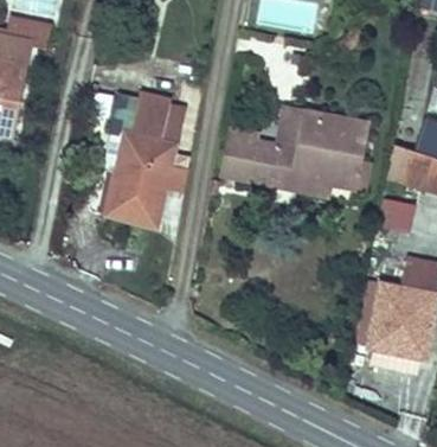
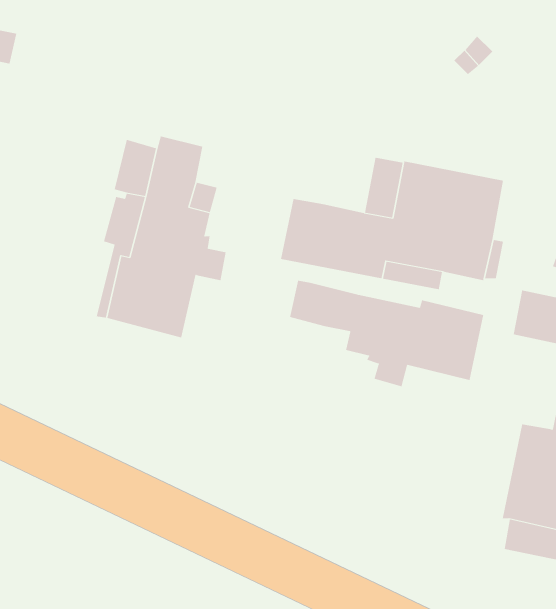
building: none -> [289,280,484,387]

